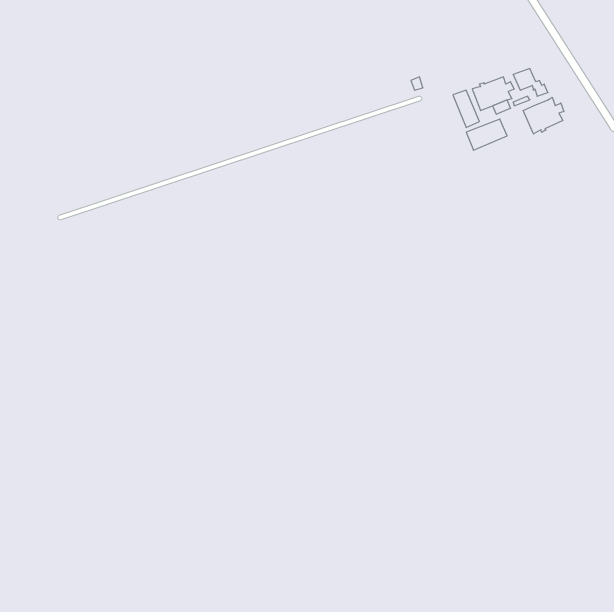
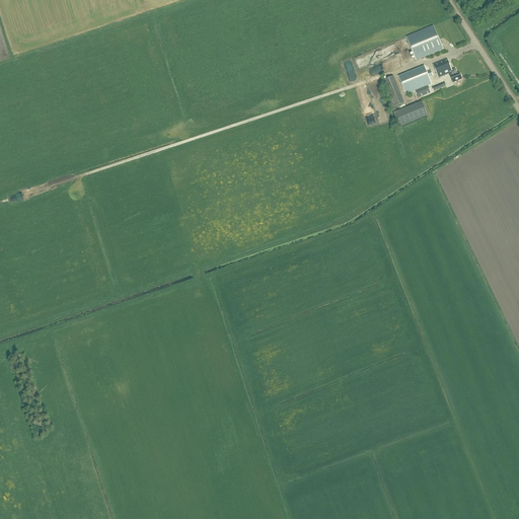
building: none -> [406,24,444,60]
building: [523,97,564,134] -> none

